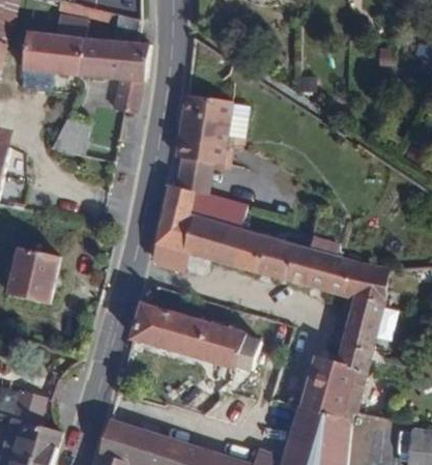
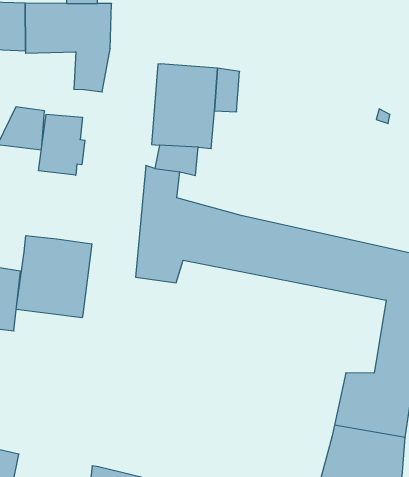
building: none -> [39,114,85,175]
building: [190,183,247,223] -> none
building: none -> [16,236,92,318]
building: [129,301,260,372] -> none

